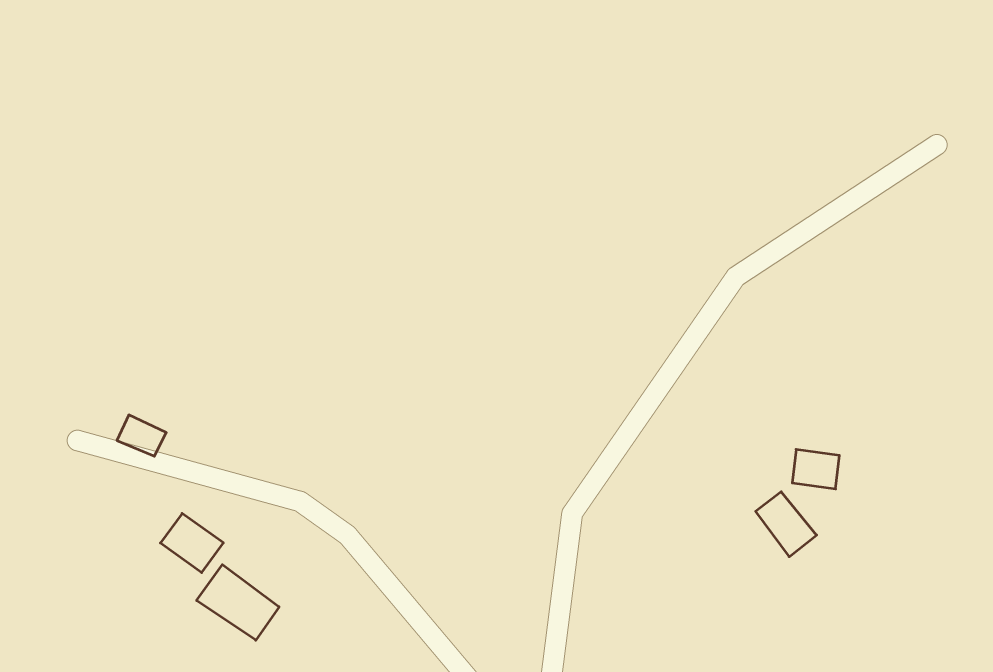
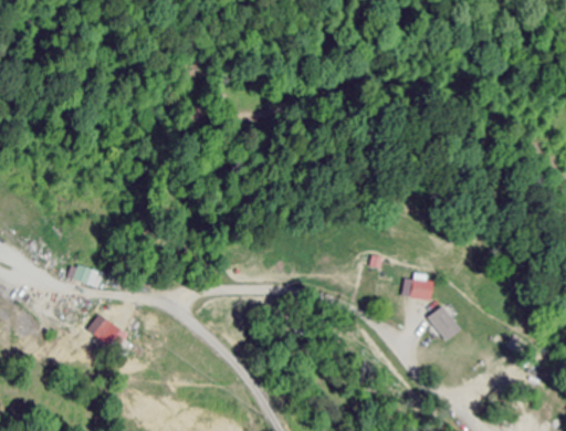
building: [792,449,839,489] -> [403,277,430,299]
building: [197,565,279,640] -> none

